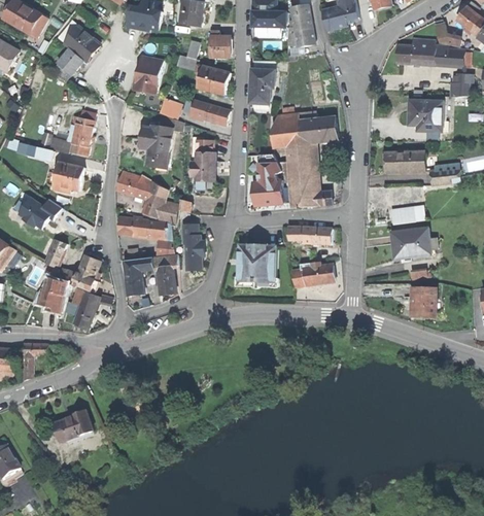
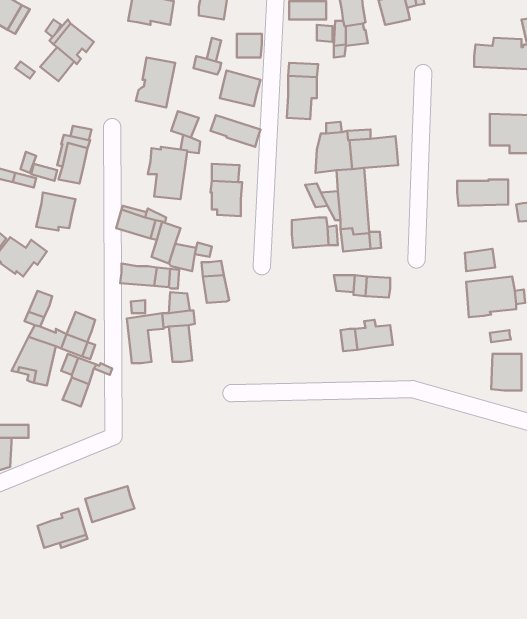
building: [239,244,276,282] -> none
building: [186,247,204,276] -> none
building: none -> [85,486,134,522]

